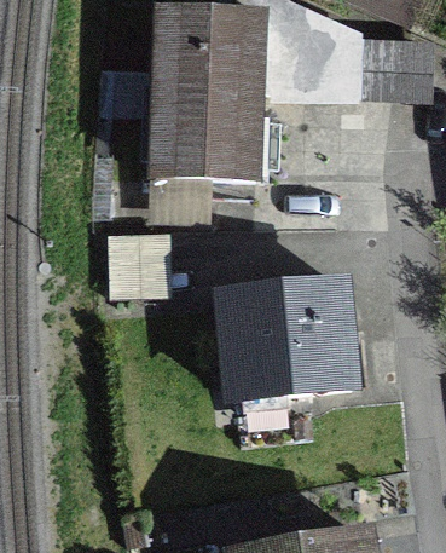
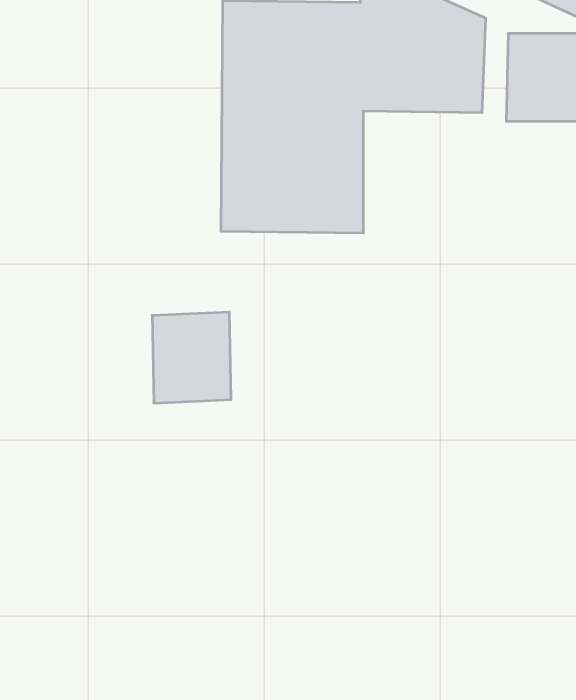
building: [222,282,351,397] -> none

